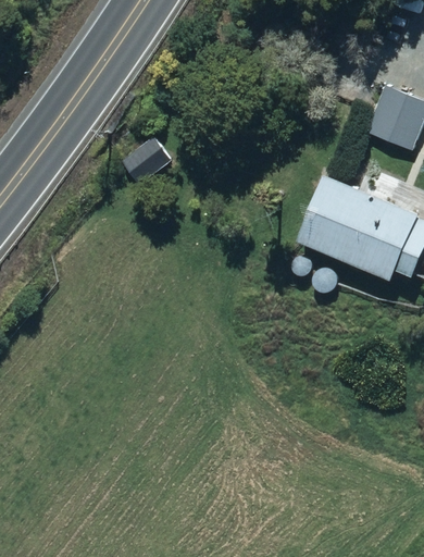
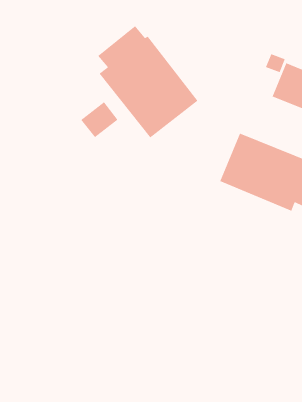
building: none -> [97,25,199,139]

